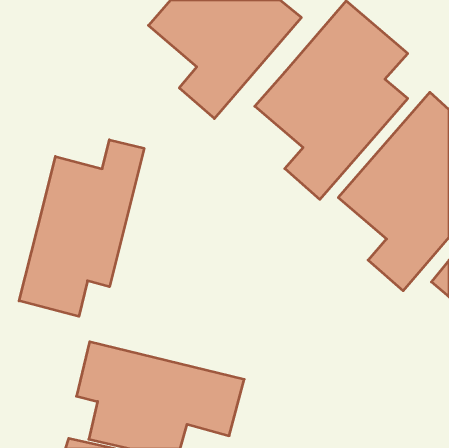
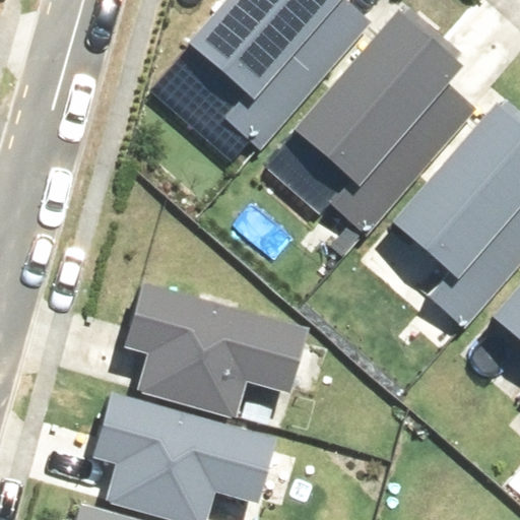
building: [19,140,144,316] -> none
building: none -> [133,281,327,420]

